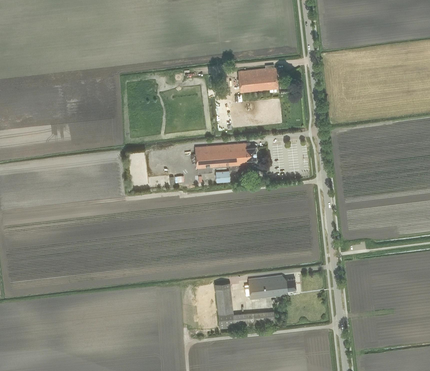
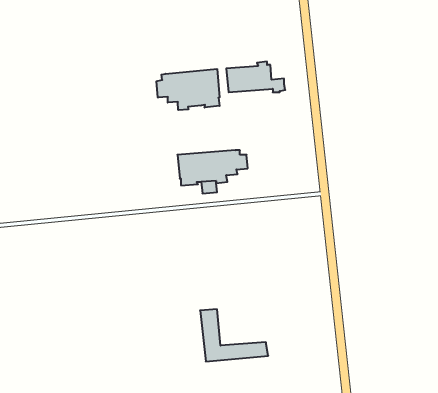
building: none -> [156,69,220,110]
building: [244,275,295,299] -> none

